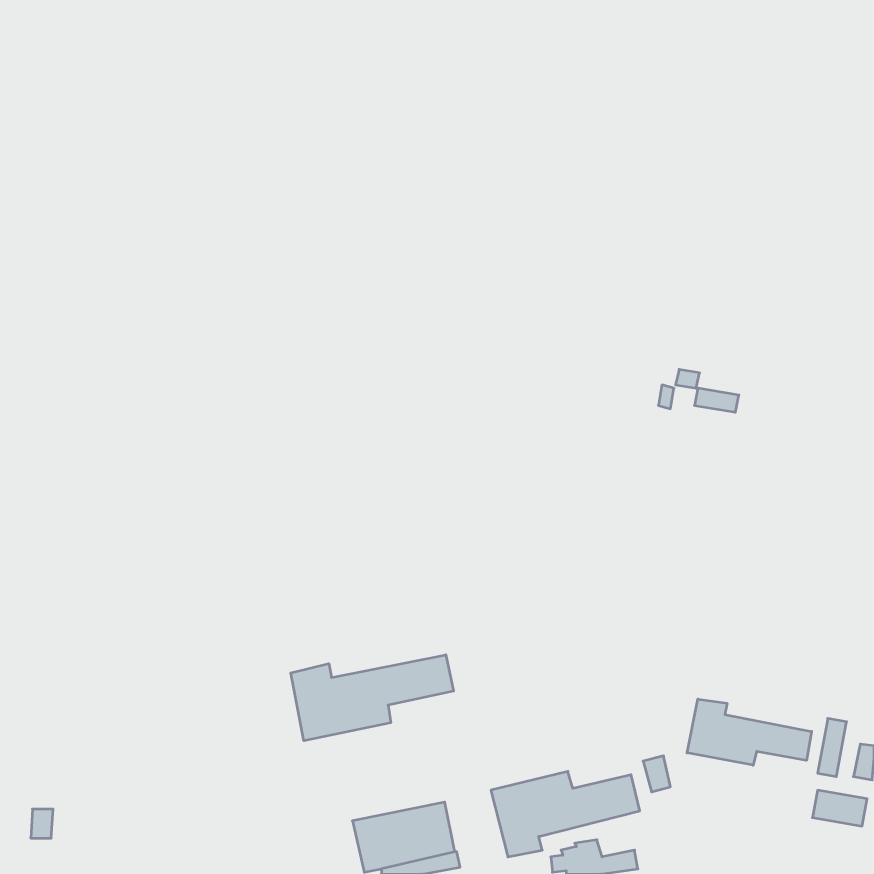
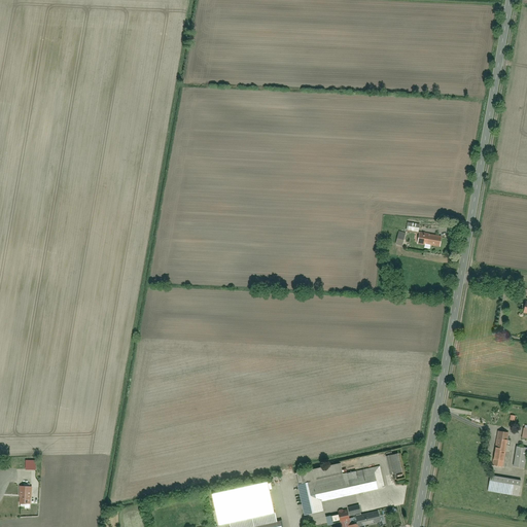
building: [291,655,454,741] -> none
building: [687,699,812,765] -> none

